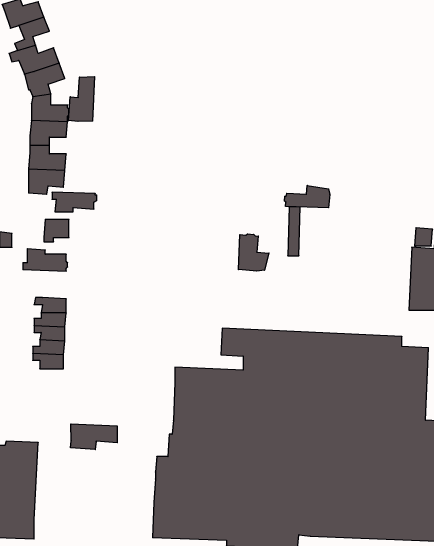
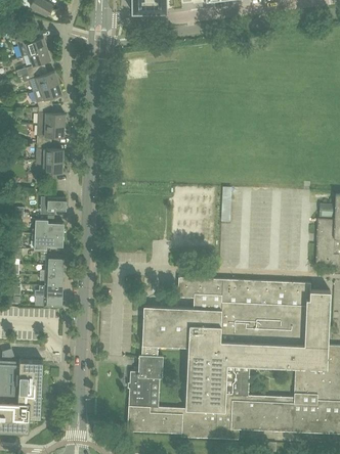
building: [69,77,94,121] -> none
building: [284,185,330,208] -> none
building: [52,192,97,212] -> [32,234,65,248]
building: [238,234,269,271] -> none
building: [71,424,117,450] -> none

